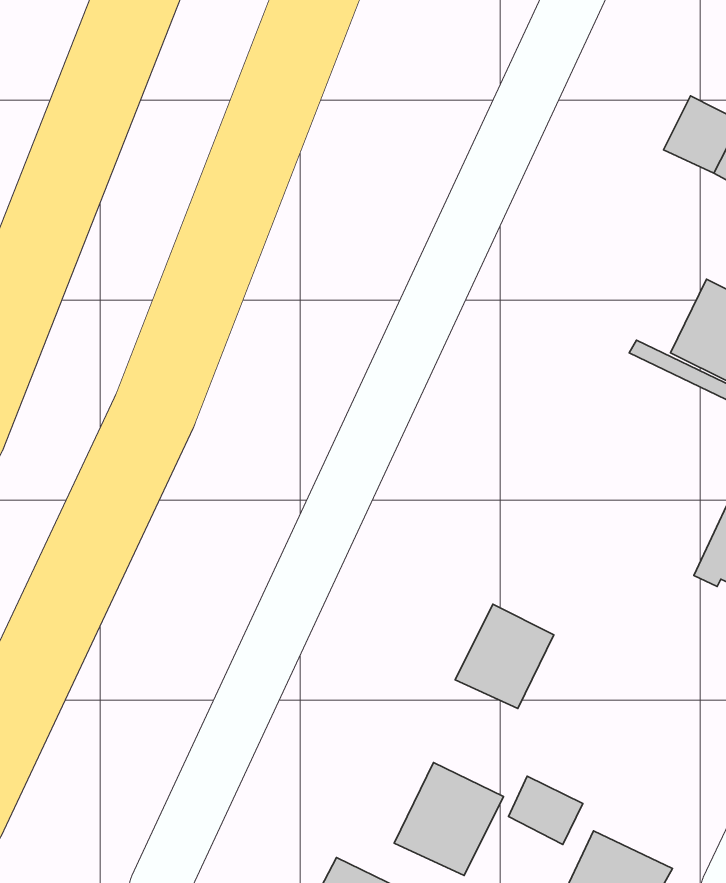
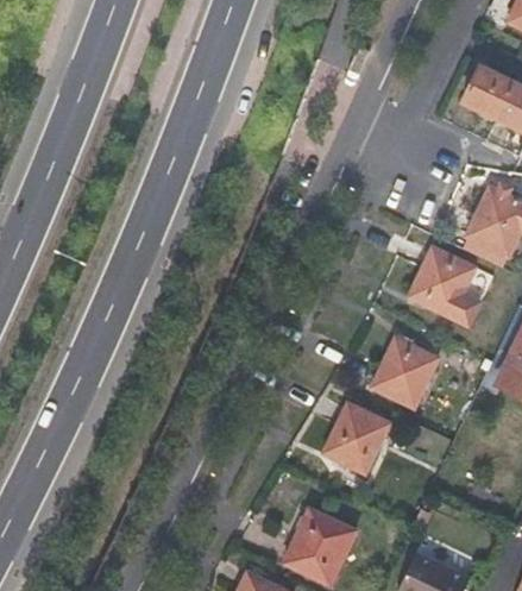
building: none -> [413,247,483,325]
building: none -> [376,338,441,407]
building: [508,776,583,845] -> none

